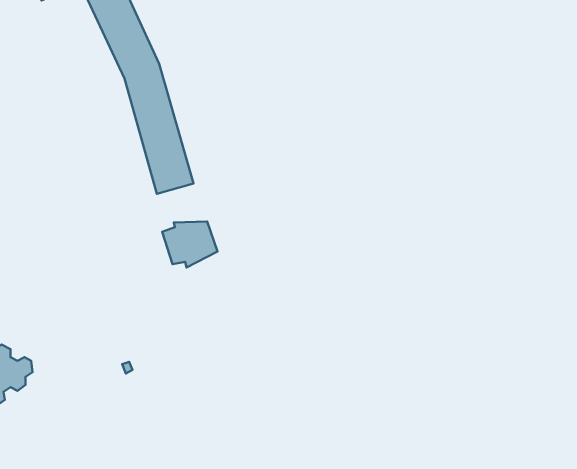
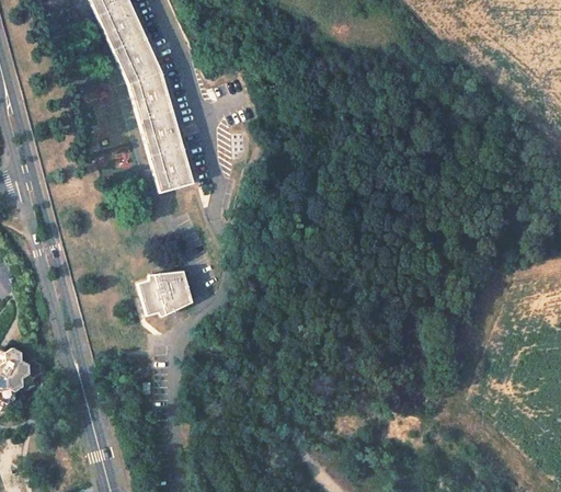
building: [162,222,218,268] -> [140,271,193,314]

